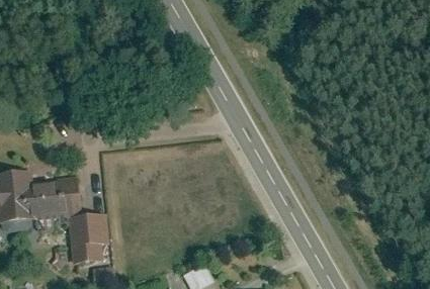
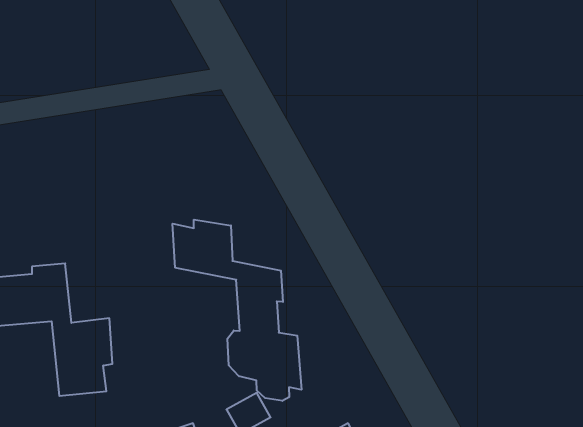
building: none -> [173,220,301,401]

